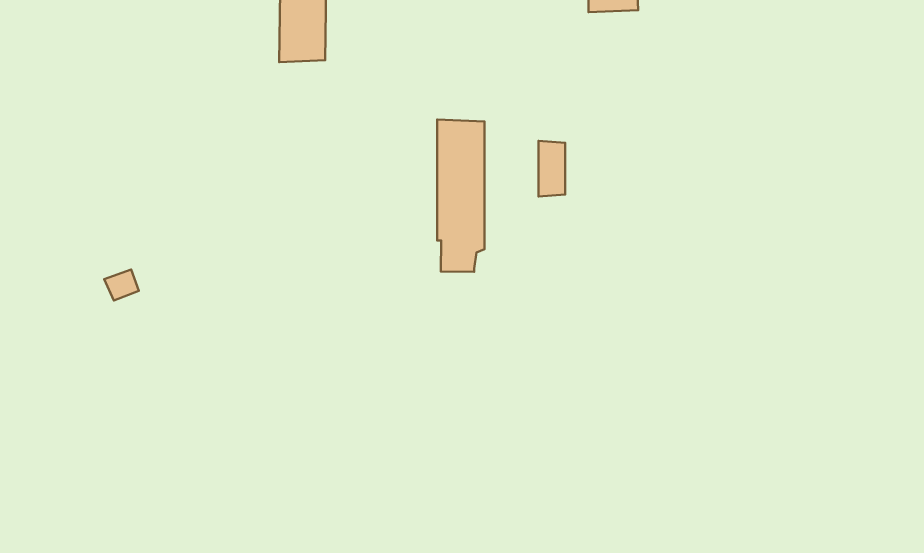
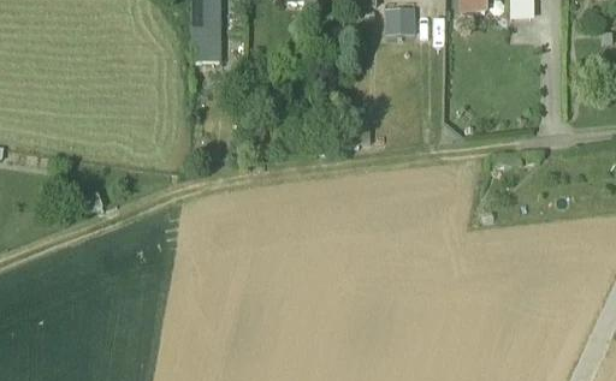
building: [437,120,484,272] -> none

